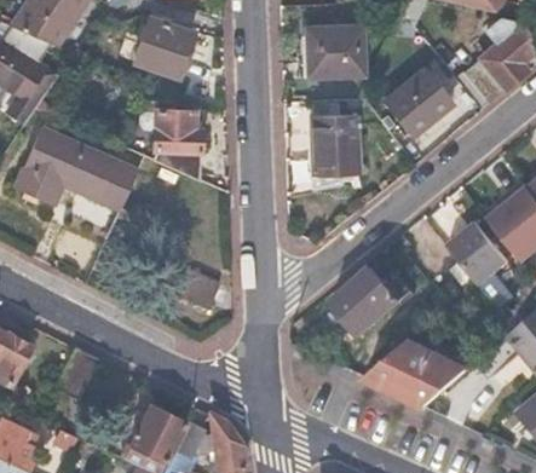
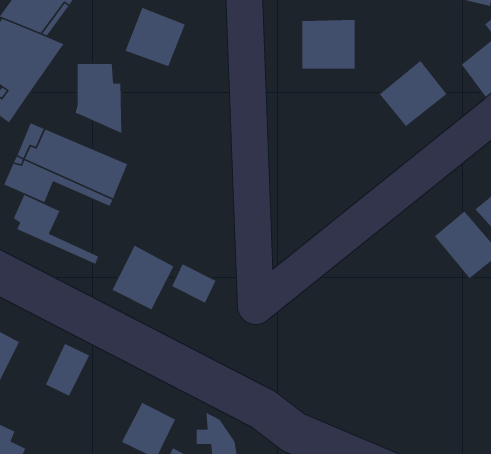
building: [156,110,203,180] -> [74,63,122,134]
building: [309,116,358,175] -> none
building: none -> [13,194,99,265]
building: none -> [111,245,175,310]
building: [330,266,415,338] -> none
building: [367,340,468,406] -> none

